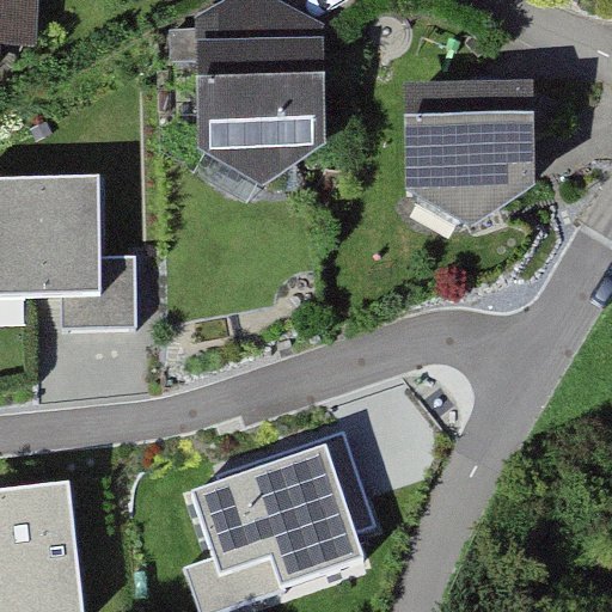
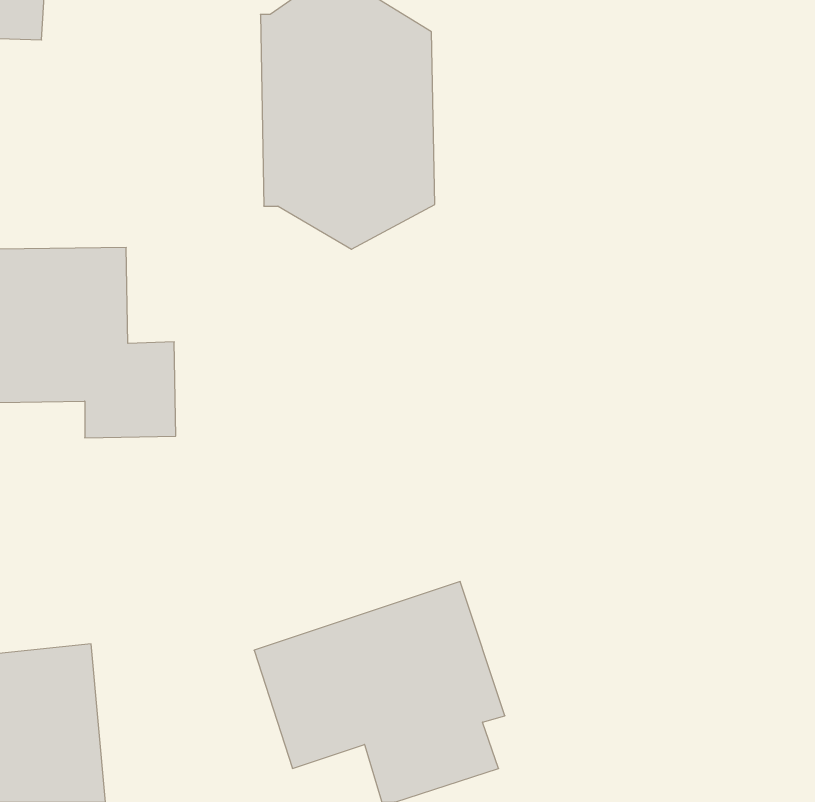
building: [414,85,533,214] -> none

